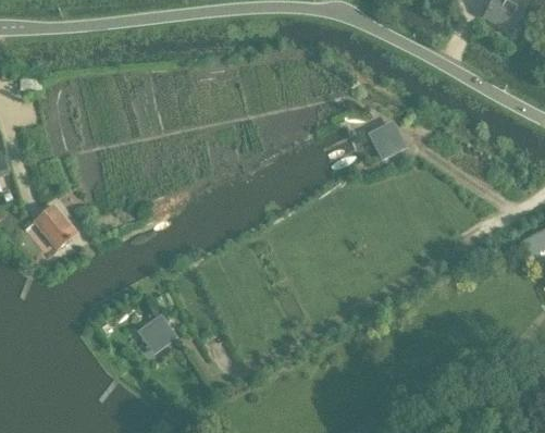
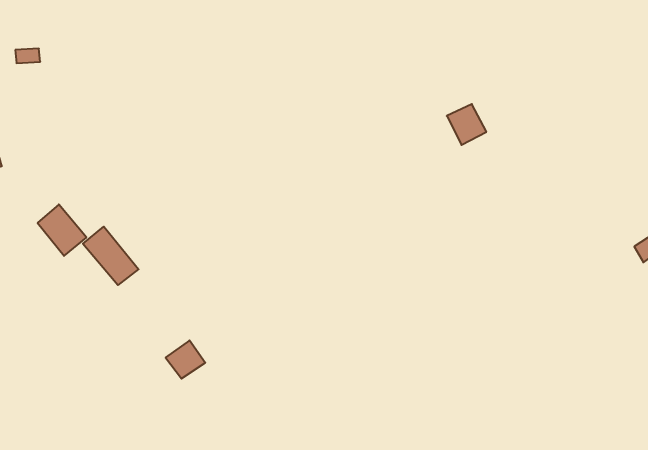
building: none -> [83,227,139,285]

